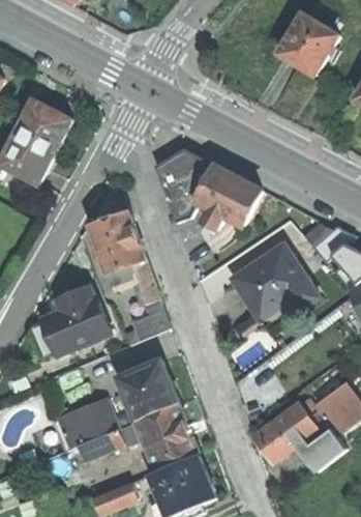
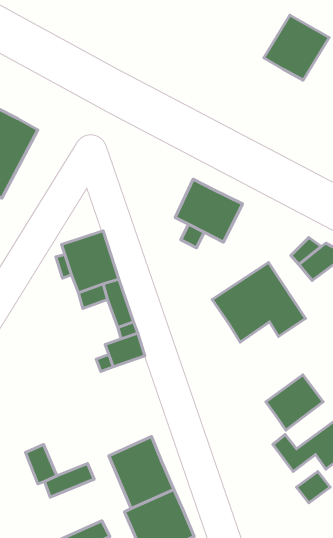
building: [155,150,213,221] -> none
building: [41,286,111,354] -> none
building: [117,358,178,421] -> none
building: [76,399,116,439] -> none
building: [252,410,305,461] -> [266,375,323,430]

